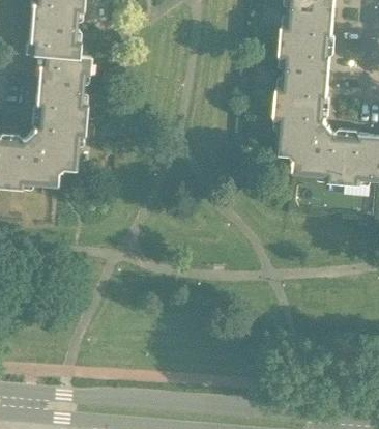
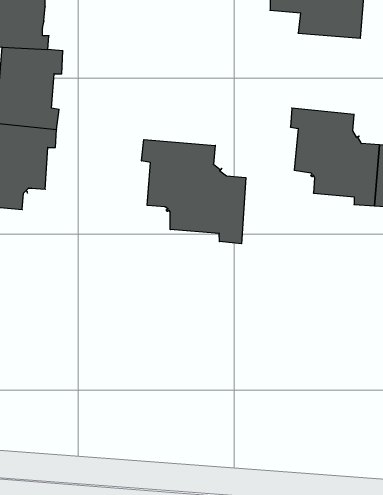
building: [275,42,331,109] -> none
building: none -> [142,140,246,244]

